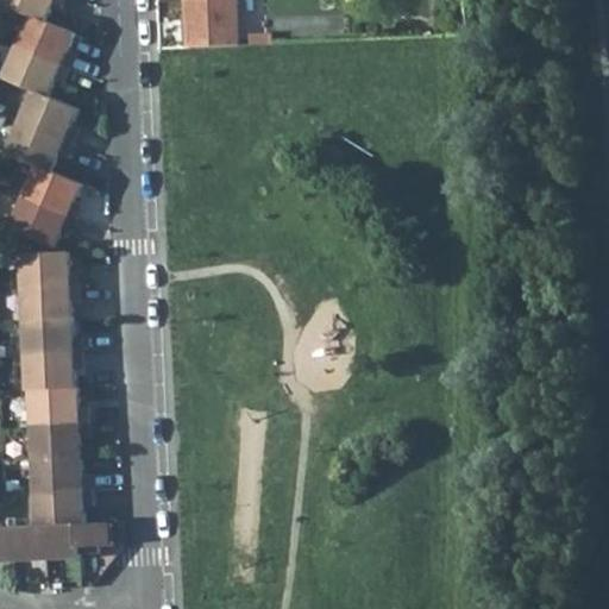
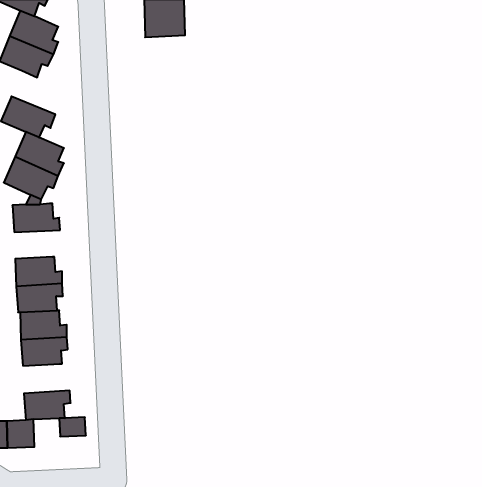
building: [14,88,76,143] -> none
building: [18,287,75,322] -> none
building: [29,453,87,490] -> none
building: [42,521,75,557] -> none

